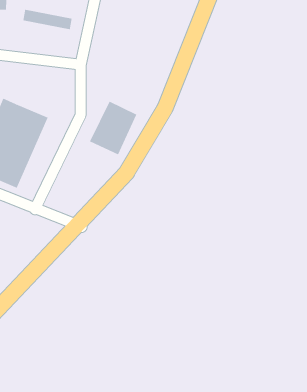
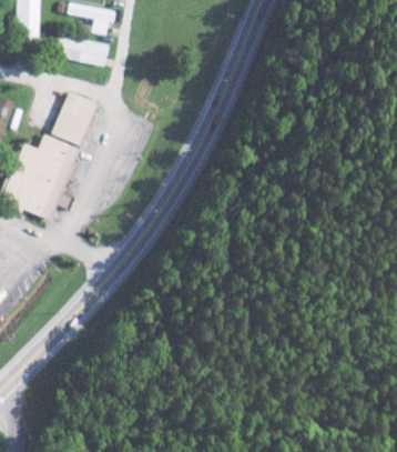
building: [89,101,137,155] -> [49,91,100,149]

